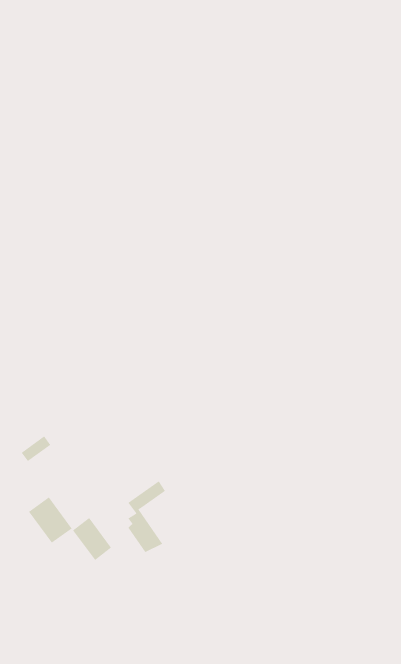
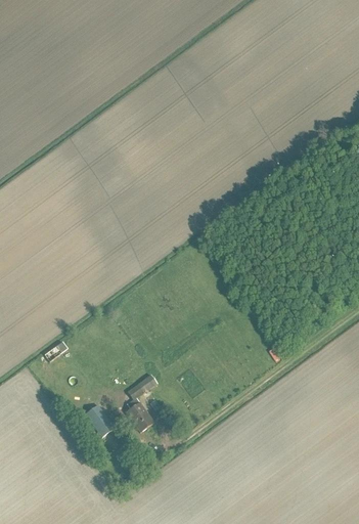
building: [28,497,73,544] -> none

